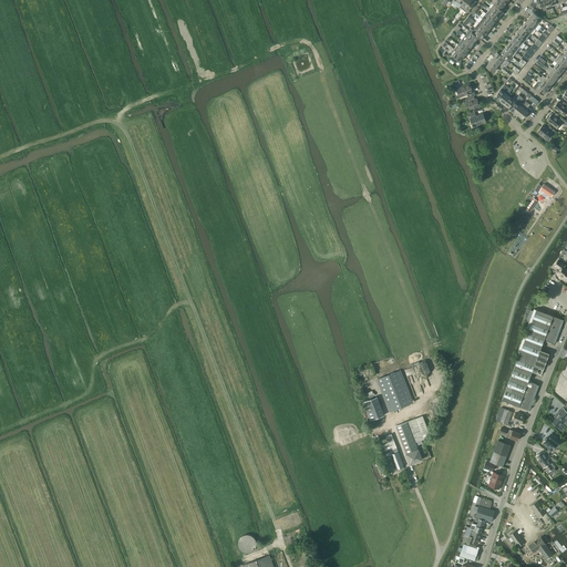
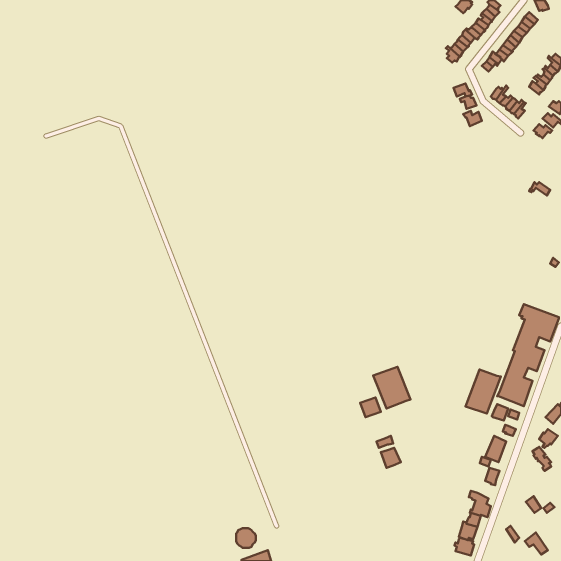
building: none -> [466,369,501,414]
building: [396,415,431,464] -> none

